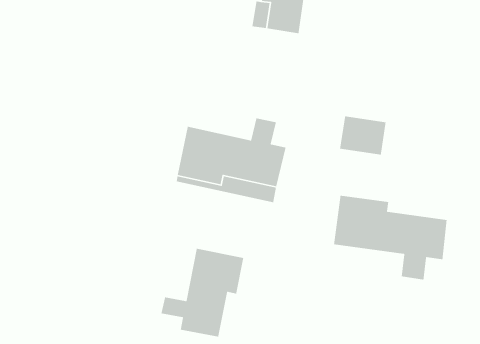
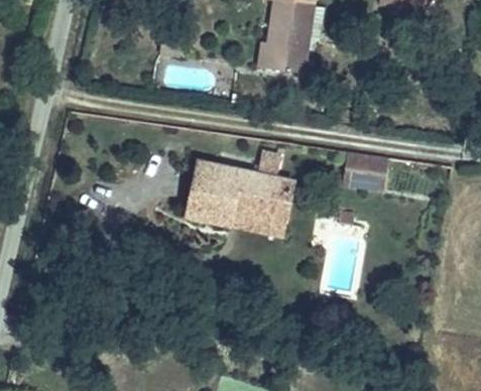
building: [333,195,448,280] -> none
building: [161,248,244,337] -> none

